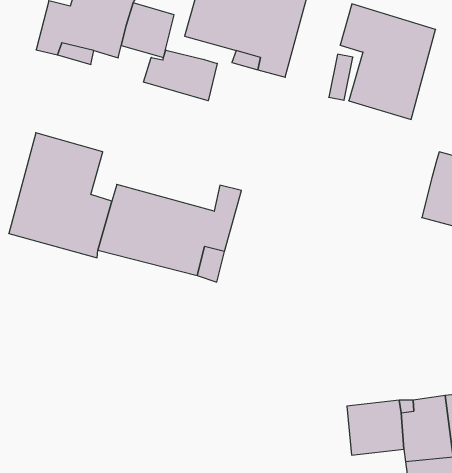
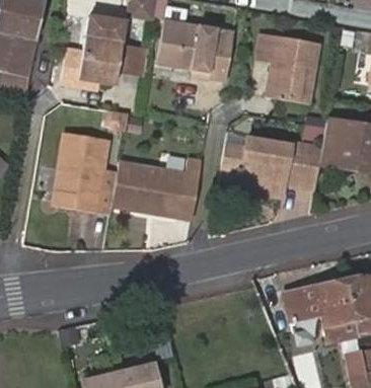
building: [144,50,217,101] -> none
building: none -> [222,131,324,196]

